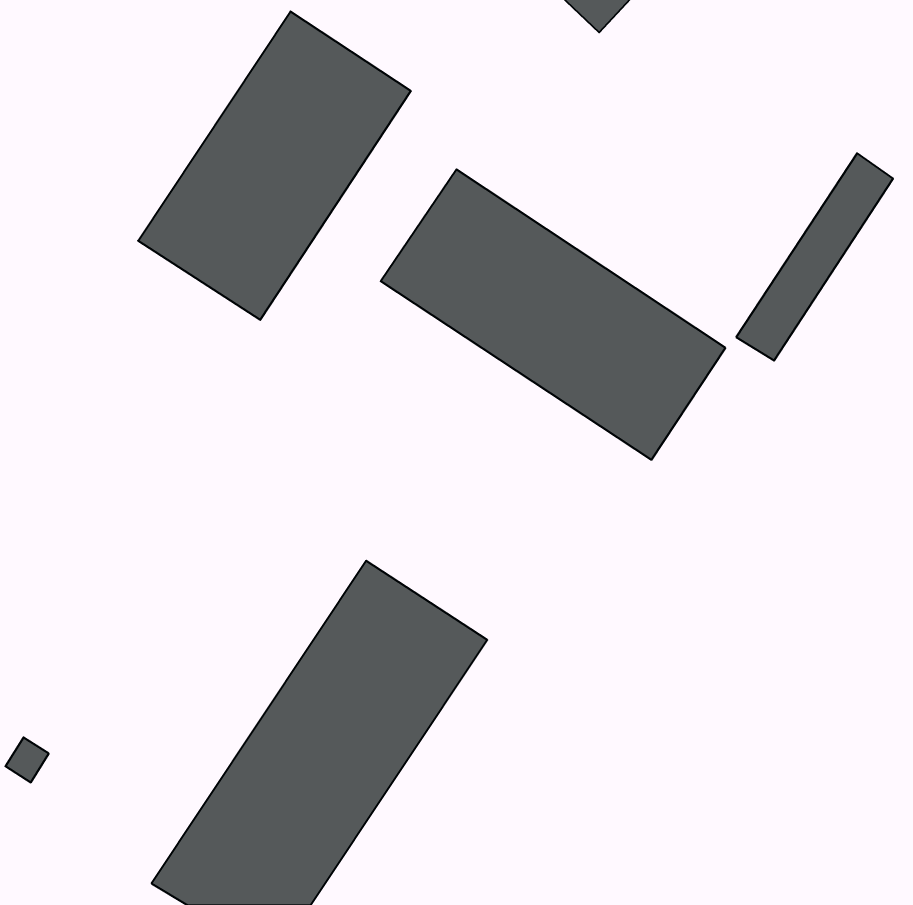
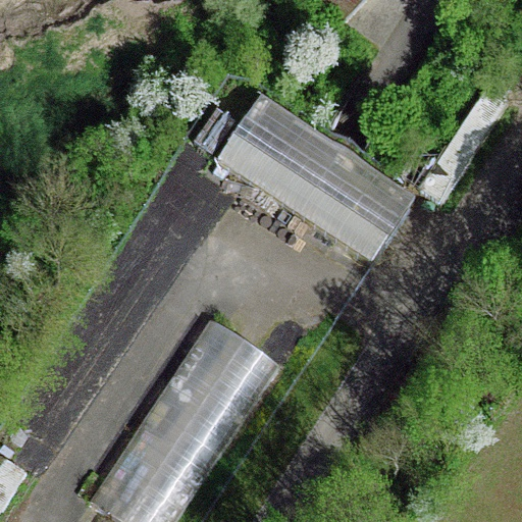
building: [138,11,411,320] -> none

